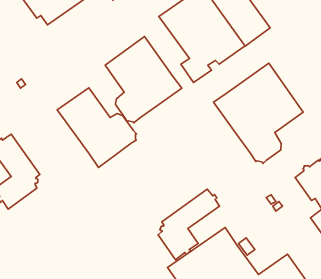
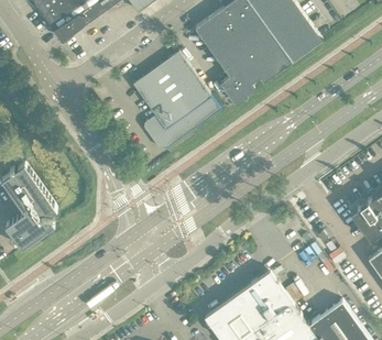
building: [214,63,303,164] -> none
building: [57,88,136,167] -> none
building: [158,189,220,260] -> none

